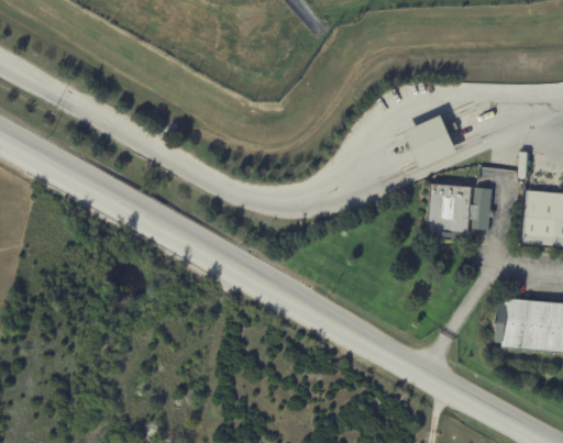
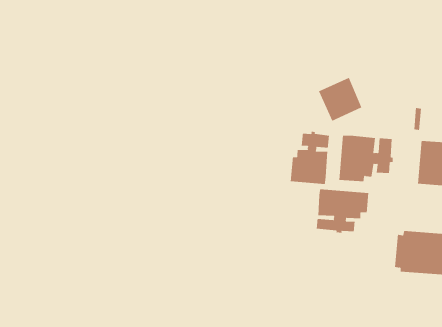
building: none -> [290,131,329,185]
building: none -> [316,188,369,234]

